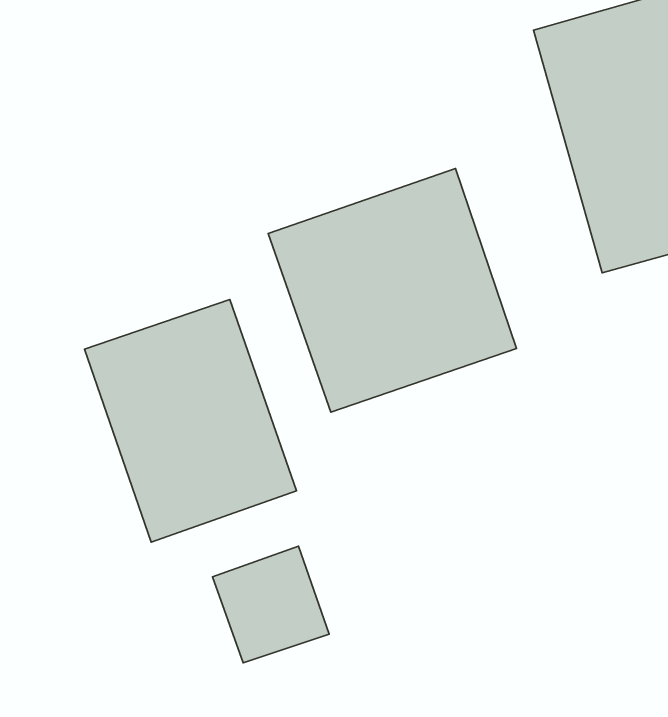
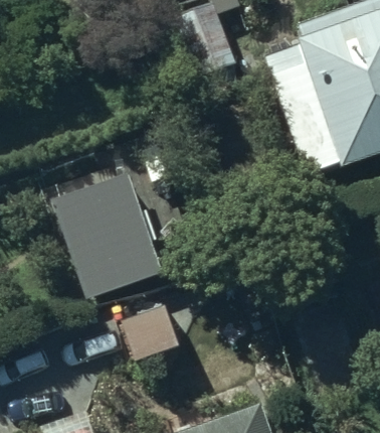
building: [268,169,516,412] -> none

